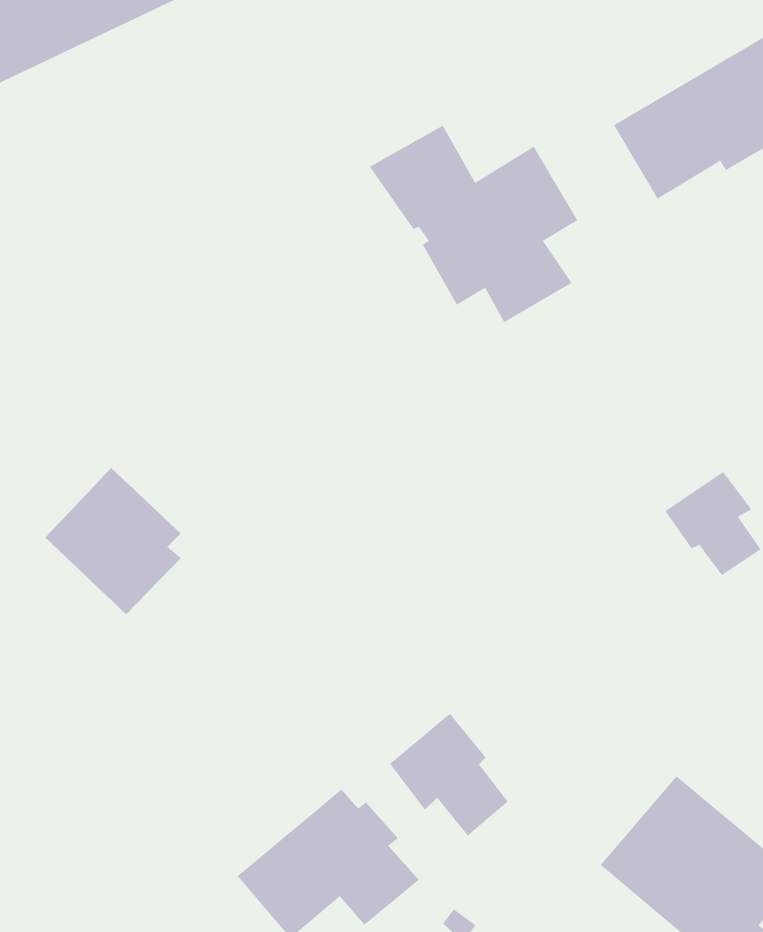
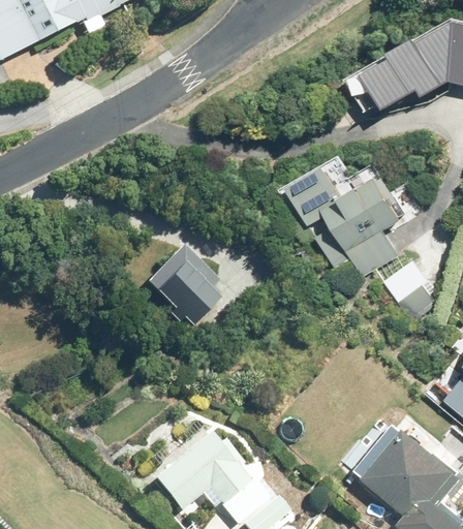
building: [369,125,578,323] -> [289,168,403,276]
building: [45,467,181,615] -> [146,248,220,329]
building: [389,713,509,837] -> none

